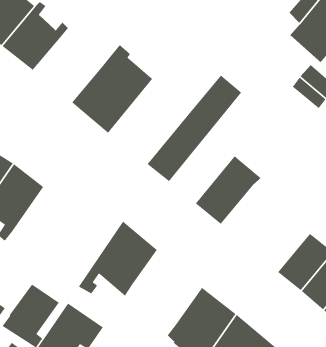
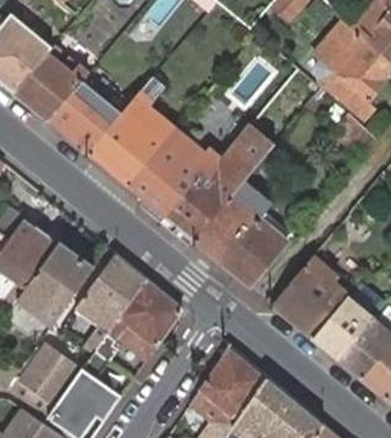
building: none -> [47,80,120,153]
building: none -> [129,127,221,220]
building: none -> [194,187,265,262]
building: none -> [17,244,95,329]
building: none -> [272,254,346,336]
building: none -> [75,256,144,352]

